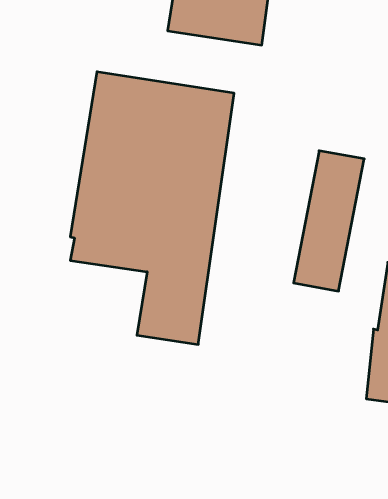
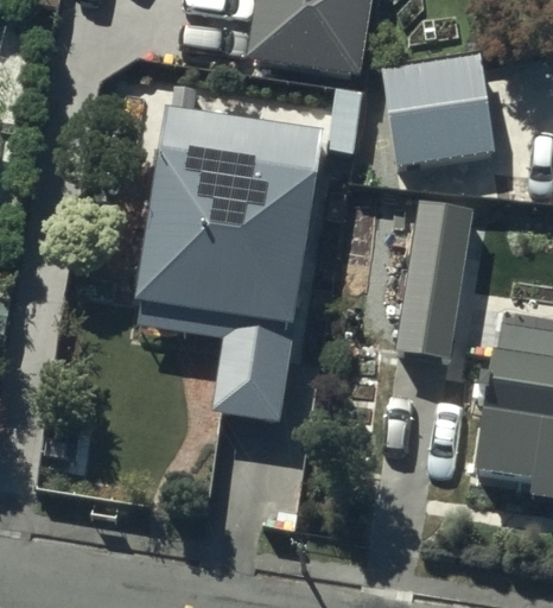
building: none -> [388,57,494,162]

